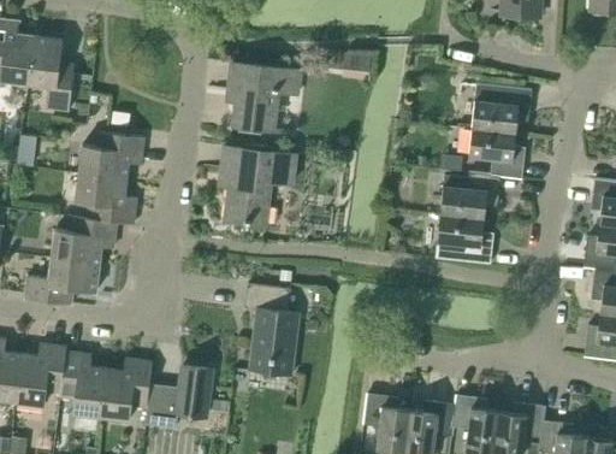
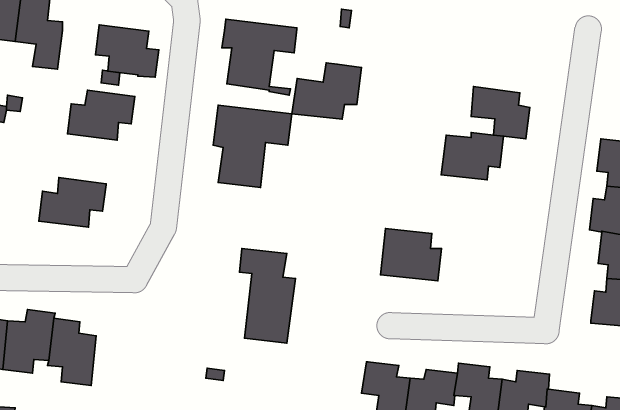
building: [472,84,532,134] -> none
building: none -> [292,63,361,119]
building: [76,173,137,224] -> [95,25,159,77]
building: [436,213,494,264] -> [381,229,442,281]
building: [25,258,100,305] -> none
building: [102,359,152,420] -> none
building: [159,365,212,428] -> none

